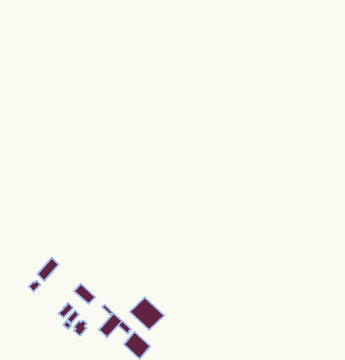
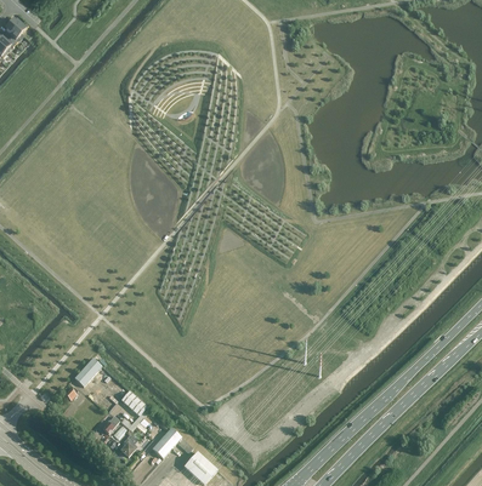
building: [130,297,164,330] -> none

